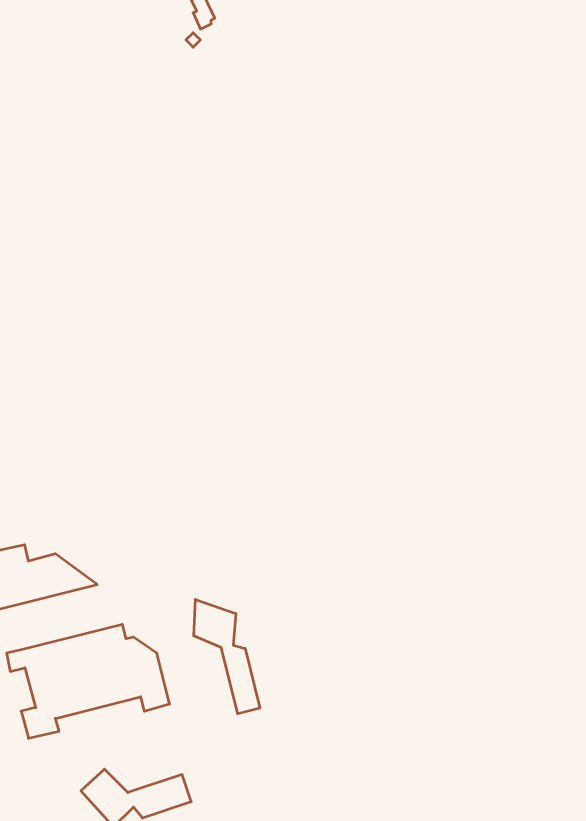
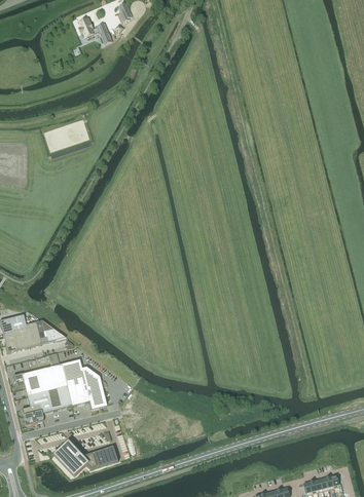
building: none -> [78,16,112,44]
building: [194,599,260,714] -> none

